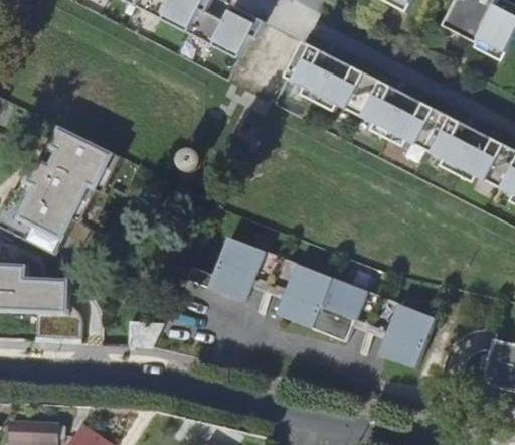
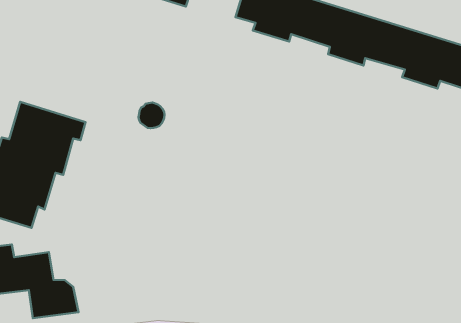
building: [183,236,436,367] -> none

